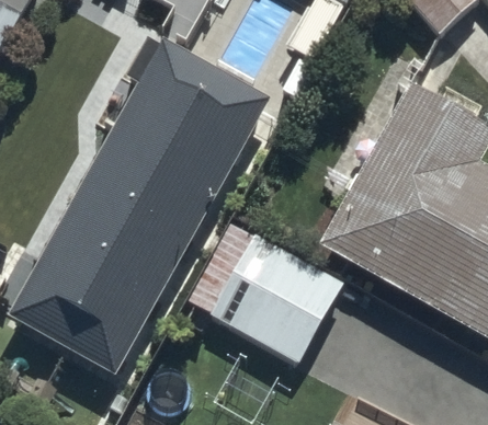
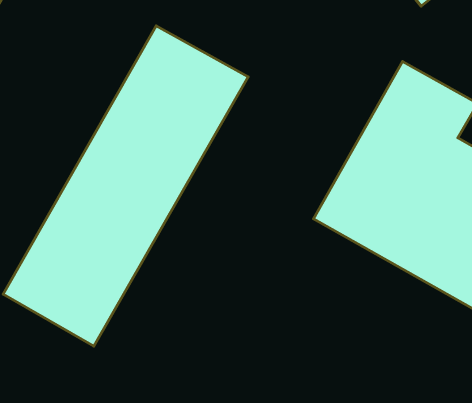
building: [219,243,337,356] -> none

